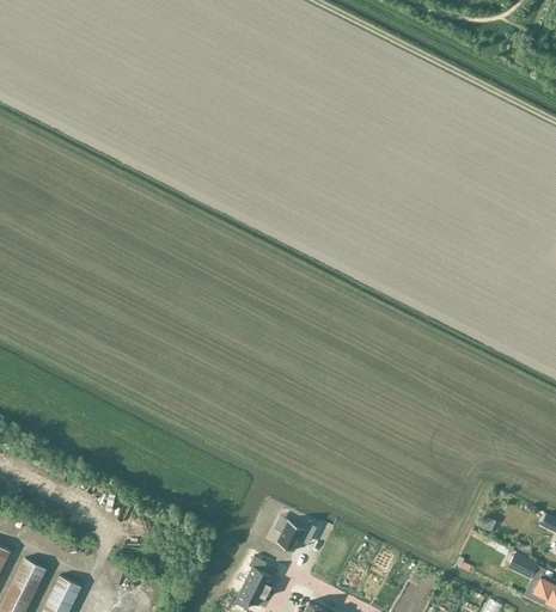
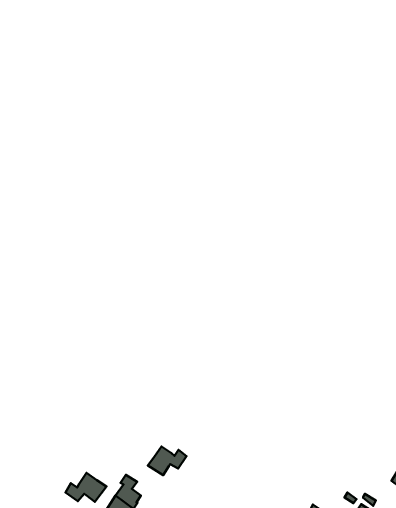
building: none -> [65,473,106,502]

